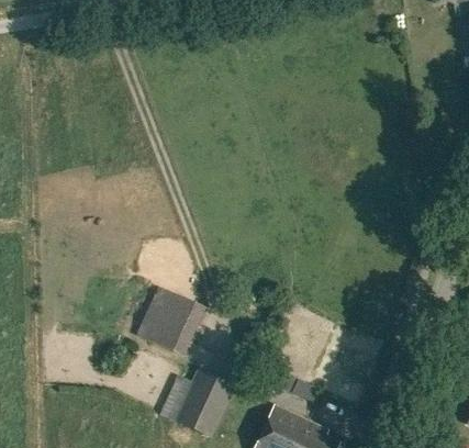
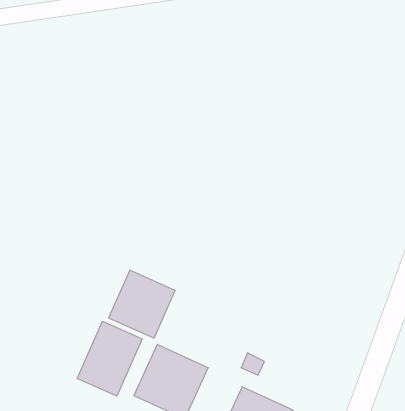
building: none -> [77,321,142,396]

